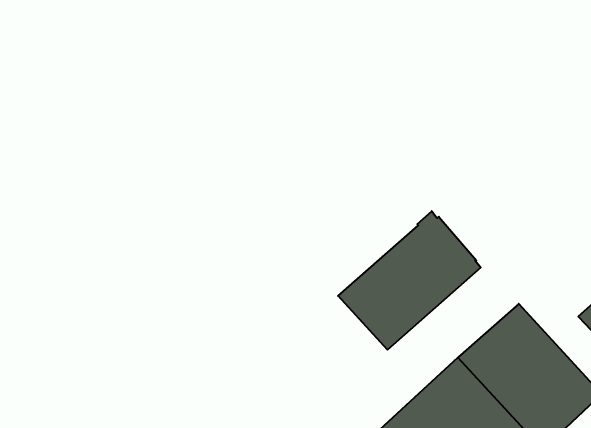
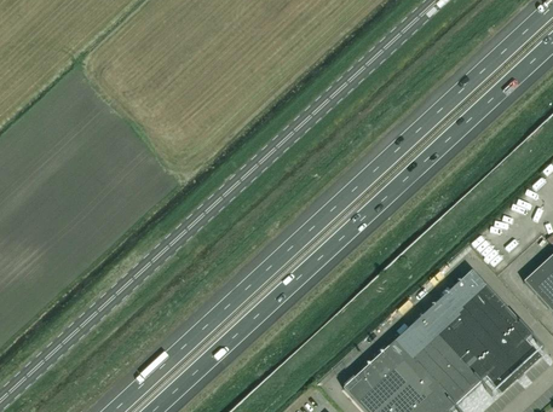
building: [338,211,481,350] -> none

